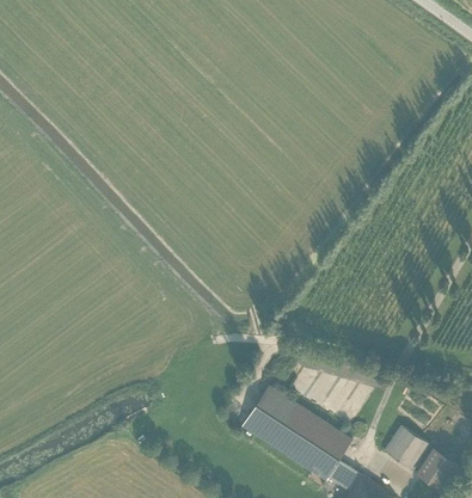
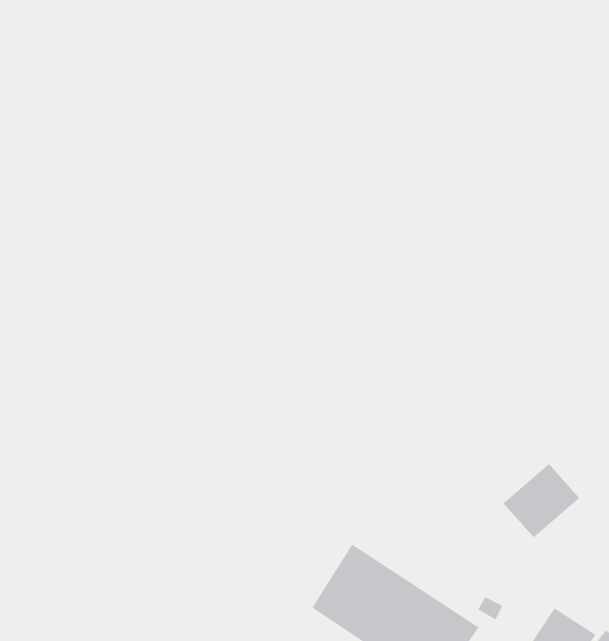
building: none -> [503,463,580,538]

